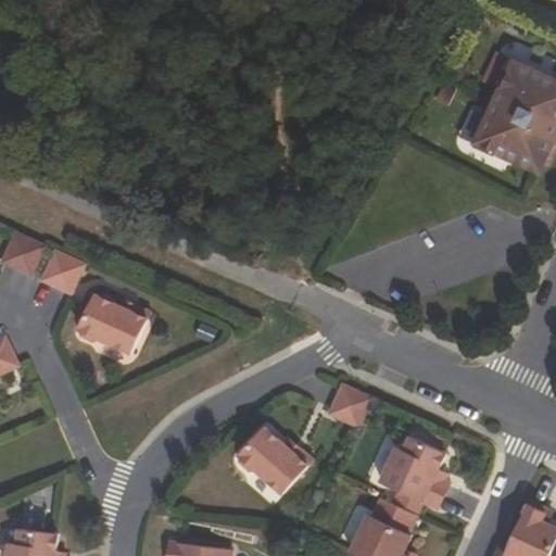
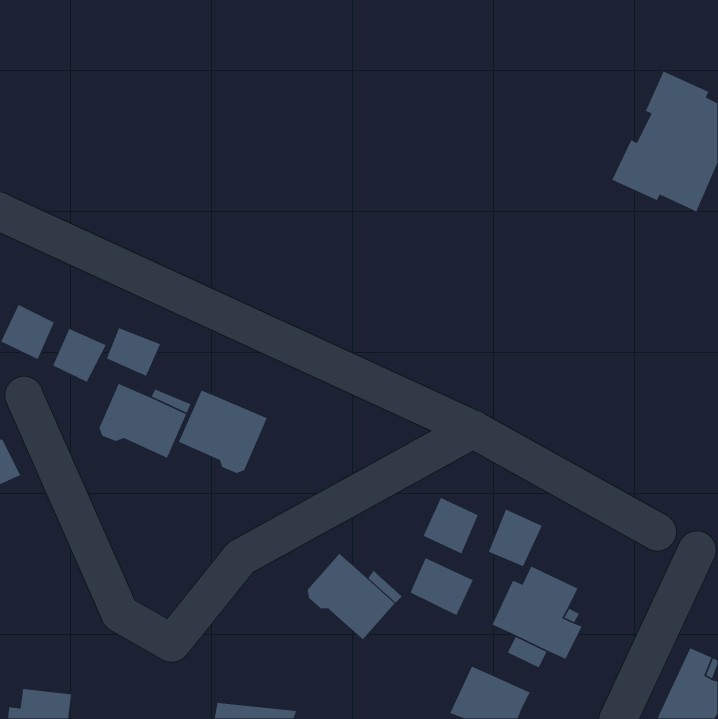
building: none -> [106,327,161,377]
building: none -> [178,389,268,474]
building: none -> [488,508,543,567]
building: none -> [410,557,474,616]

